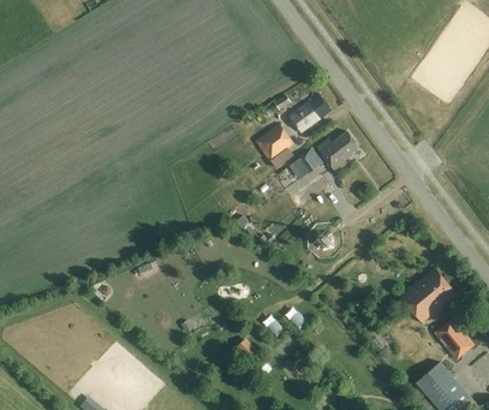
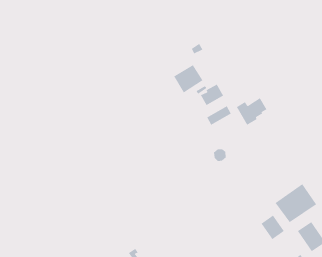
building: [288,94,330,131] -> none
building: [316,130,358,170] -> [236,97,267,126]
building: none -> [260,214,285,240]

